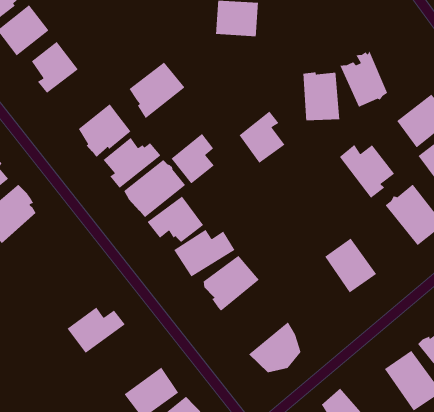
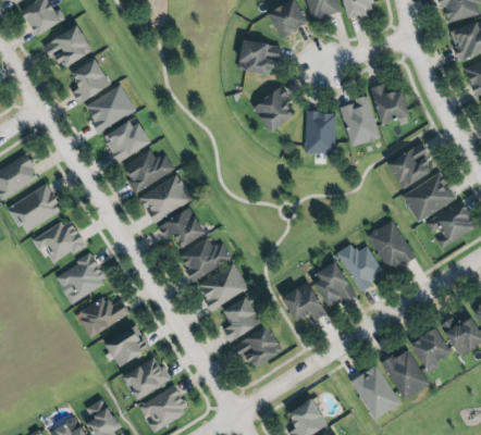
building: none -> [372,84,410,124]
building: [129,61,186,119] -> [87,86,137,135]
building: [239,111,286,164] -> [251,85,292,130]
building: [171,133,215,184] -> none
building: [339,144,395,199] -> [335,243,383,293]
building: none -> [33,219,87,260]
building: none -> [58,250,107,302]
building: none -> [283,284,328,324]
building: none -> [221,296,260,340]
building: none -> [102,323,149,366]

